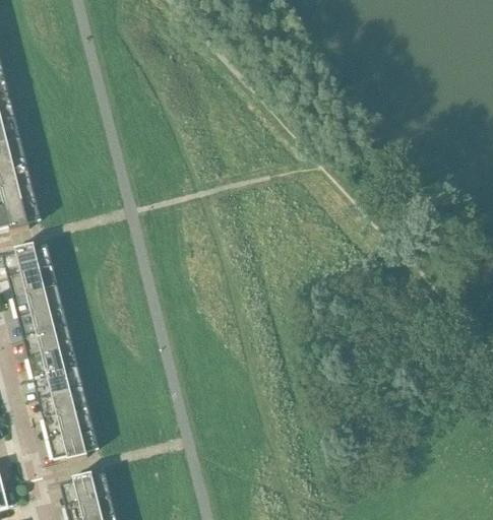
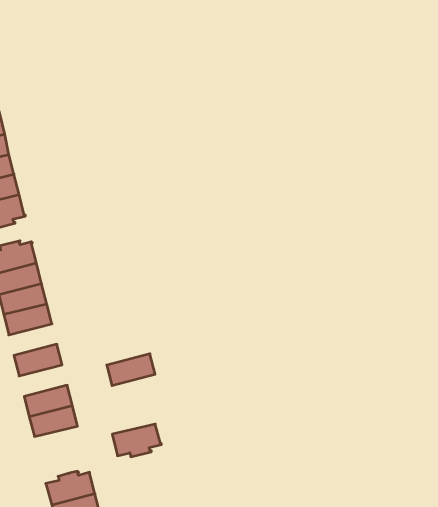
building: [23,323,71,354] -> none
building: [34,364,81,395] -> [107,354,155,386]
building: [49,425,98,457] -> [112,424,161,457]

